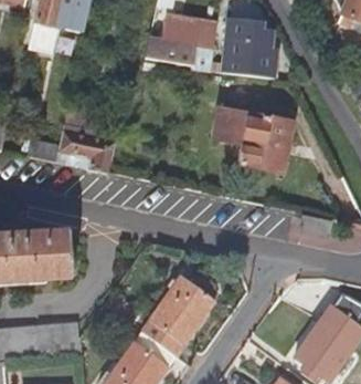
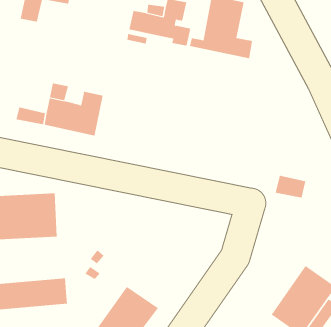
building: [212,104,295,169] -> none
building: [144,274,216,352] -> none

